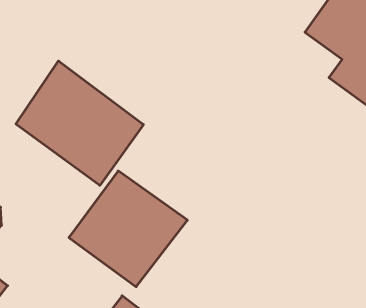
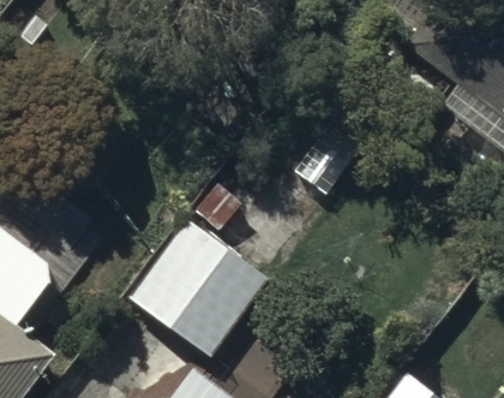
building: [16,61,143,185] -> none

